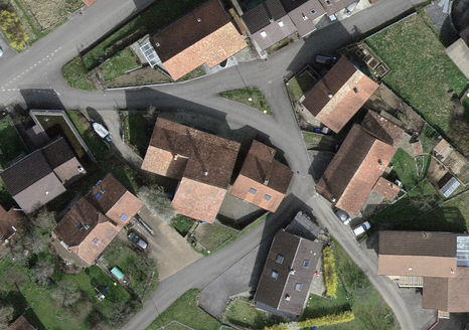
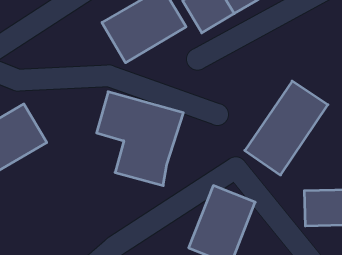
building: [298,52,381,135] -> none
building: [222,143,288,219] -> none
building: [53,165,151,265] -> none

